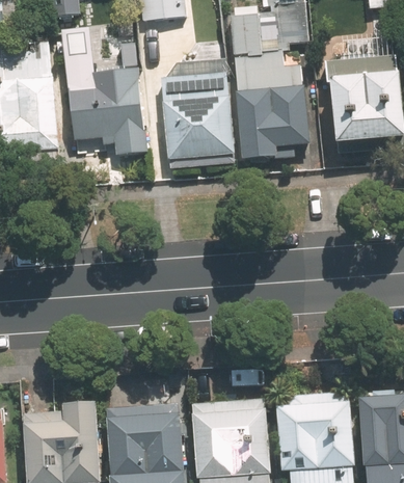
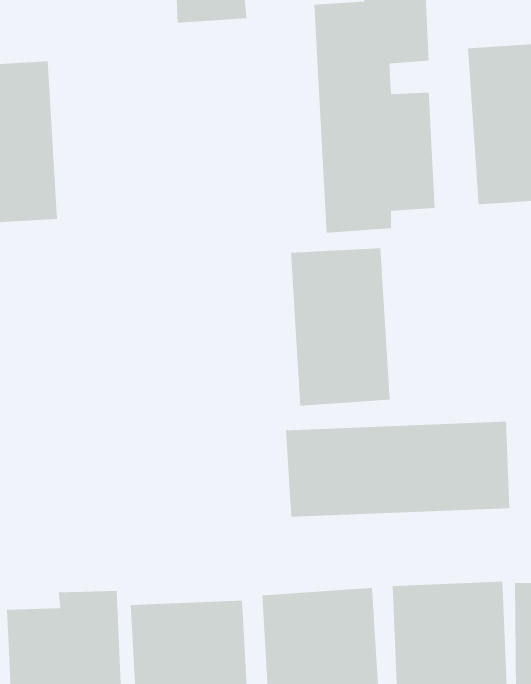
building: [65,43,145,158] -> none
building: [161,59,227,164] -> [290,248,391,406]
building: none -> [285,421,510,518]

